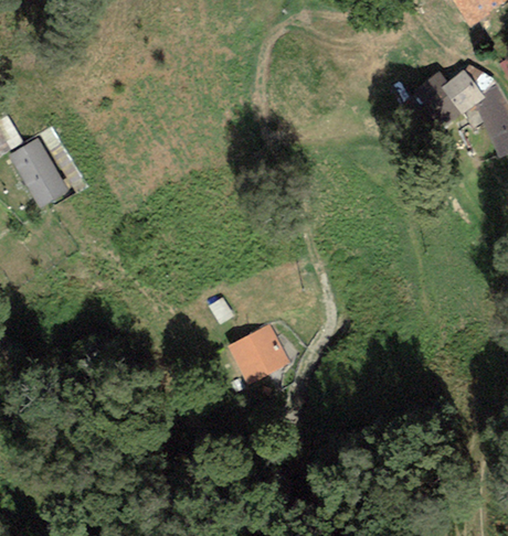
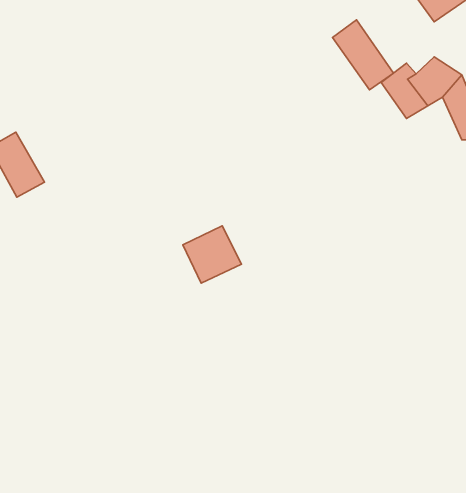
building: none -> [332,20,393,90]
building: [232,323,293,383] -> [183,226,241,283]

